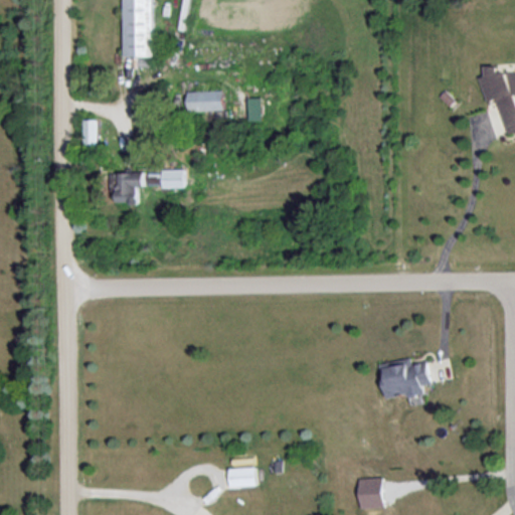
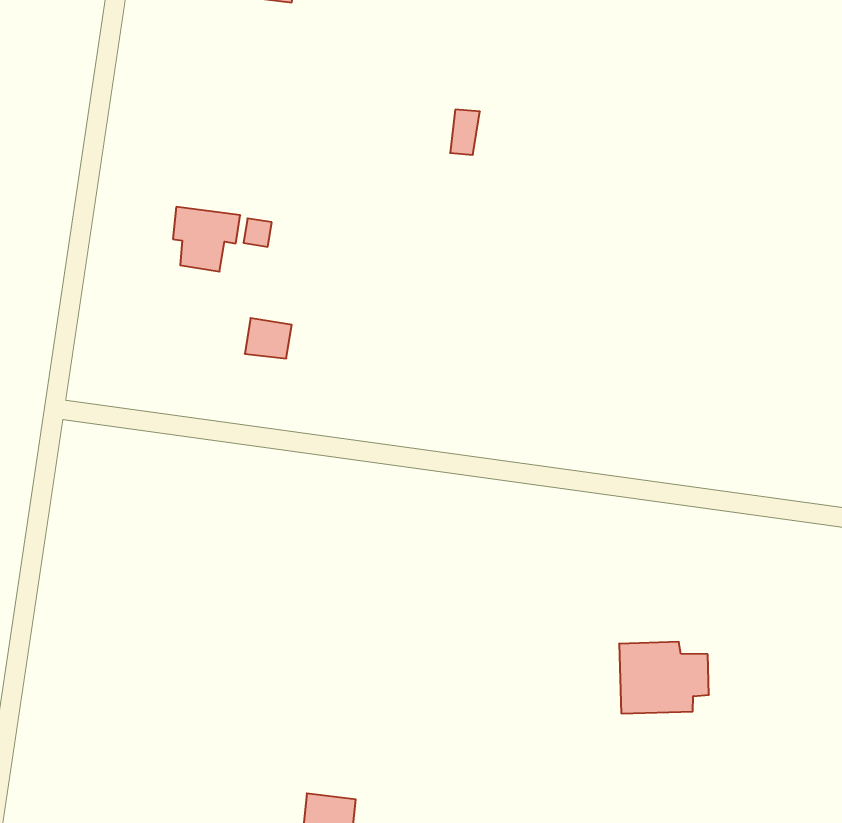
building: [187,92,223,112] -> none
building: [82,120,98,145] -> none
building: [162,170,184,189] -> [245,318,292,358]

